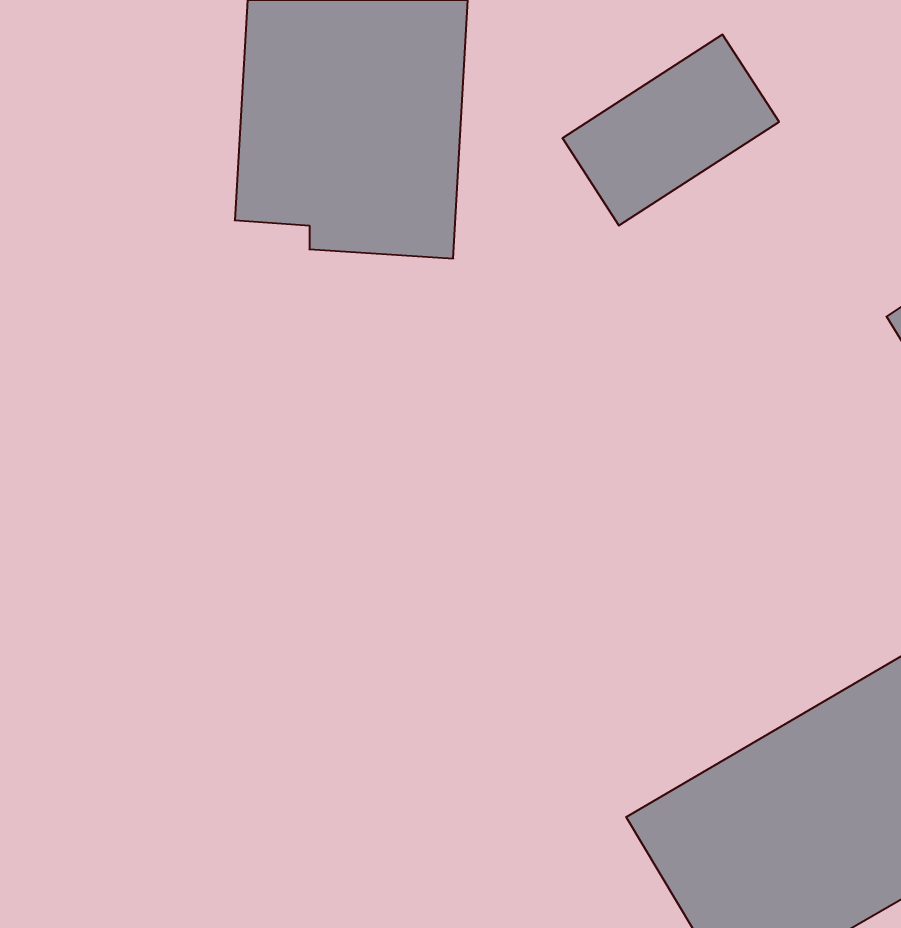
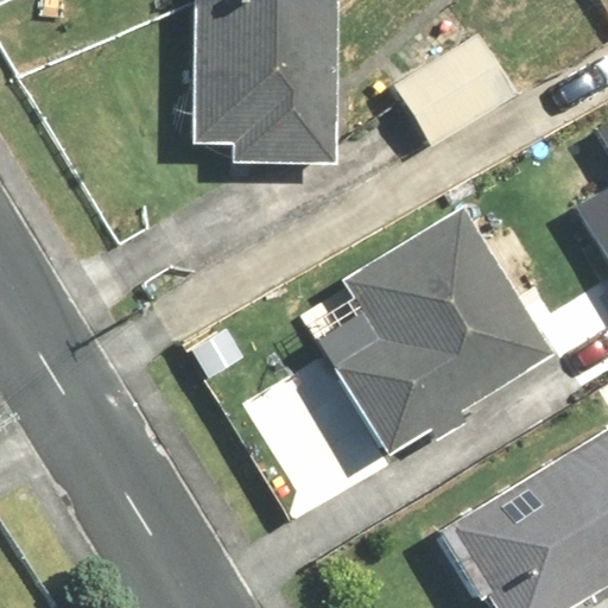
building: none -> [325,213,538,450]

